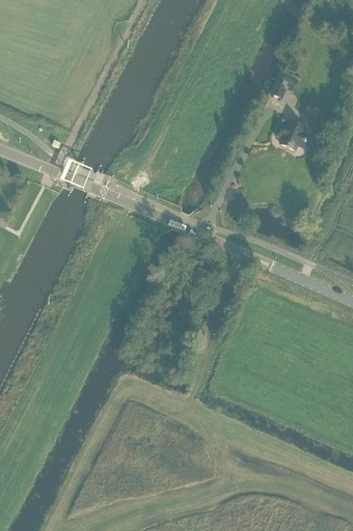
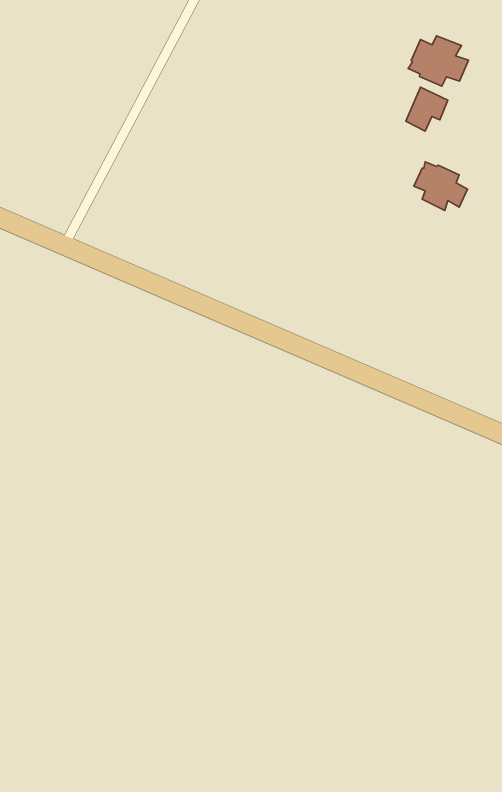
building: none -> [408,36,469,86]

